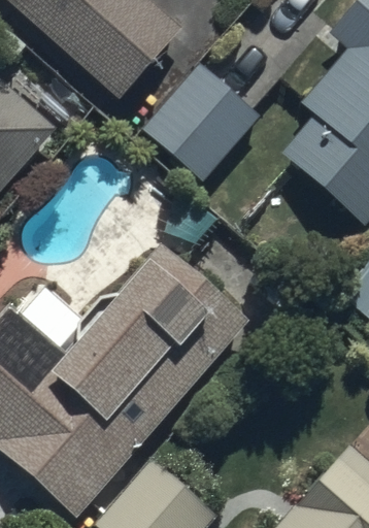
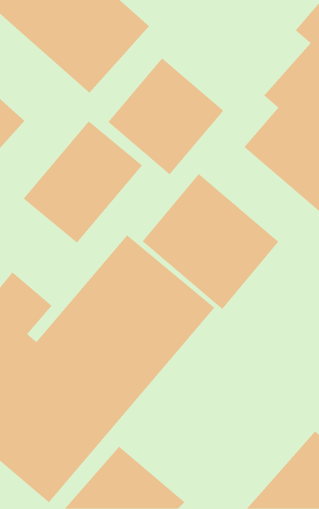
building: none -> [23,121,143,244]
building: none -> [142,173,279,310]

